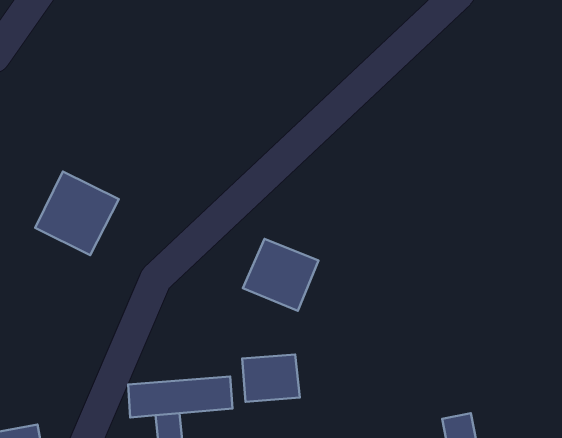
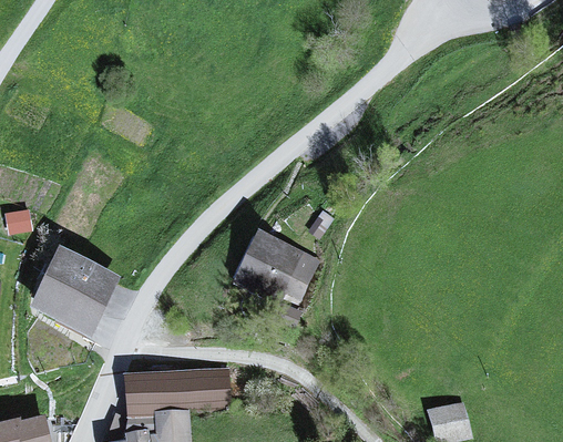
building: [35,172,119,255] -> [34,250,115,331]
building: [242,355,300,402] -> none

